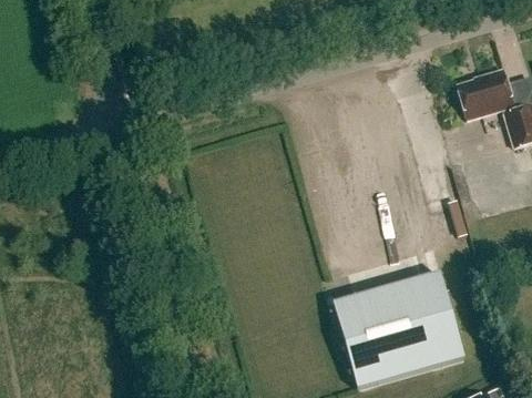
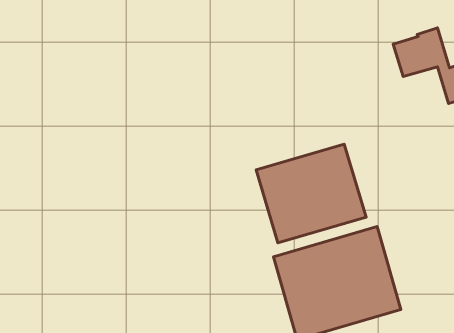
building: none -> [256,144,366,243]

